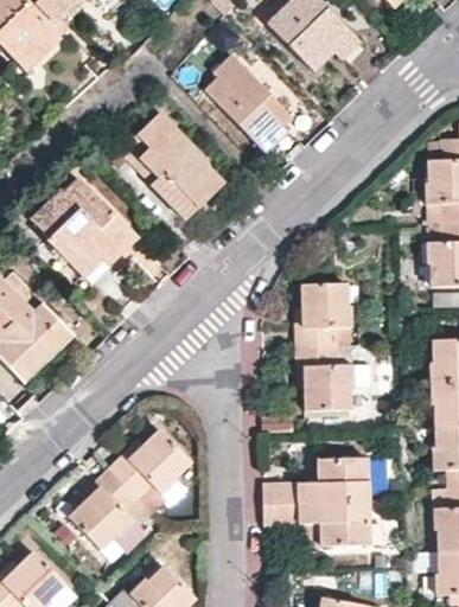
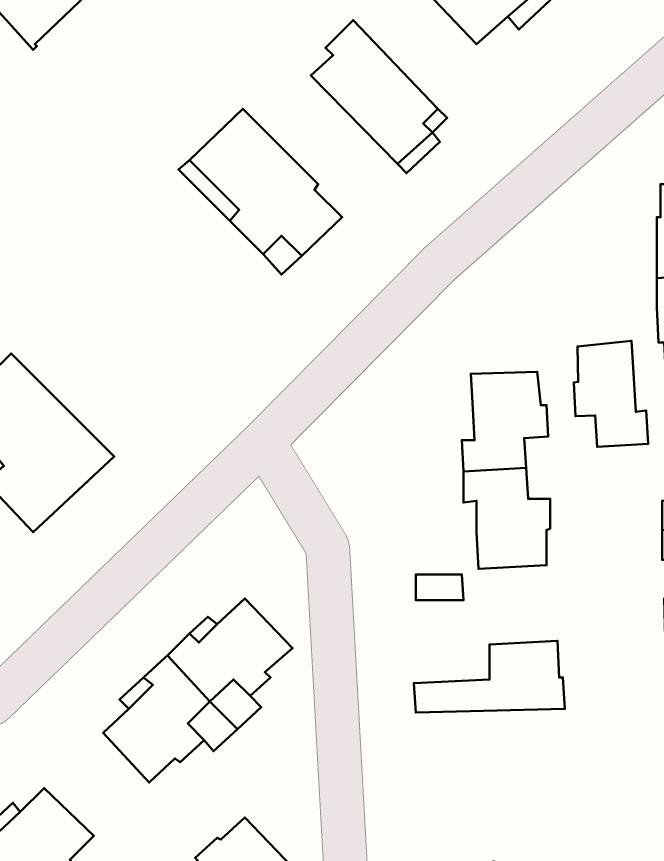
building: [32,179,138,285] -> none
building: none -> [574,341,648,447]
building: [272,499,369,544] -> none

